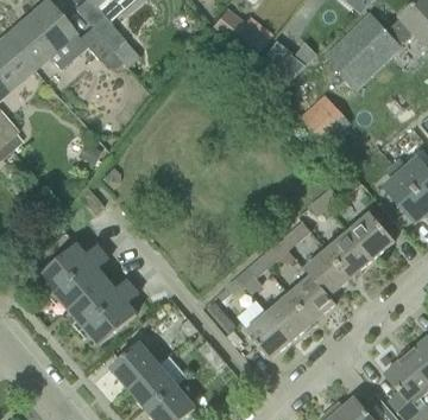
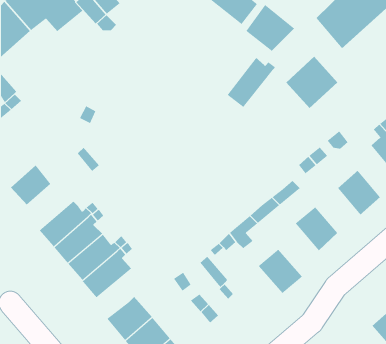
building: none -> [227,57,276,112]
building: none -> [10,159,51,206]
building: [327,230,373,276] -> none
building: [289,267,336,322] -> none
building: [246,311,292,358] -> none

